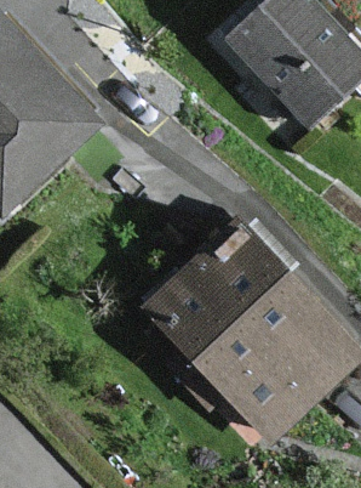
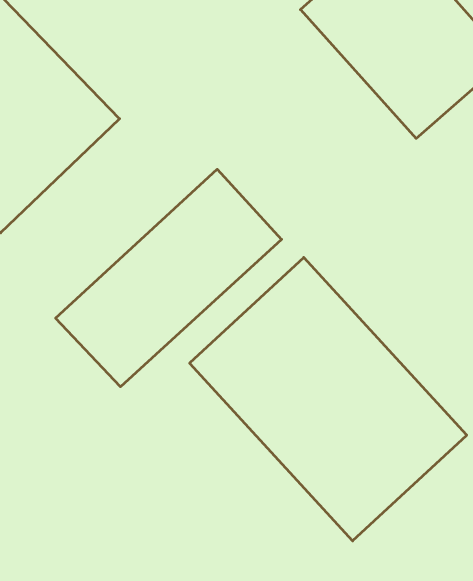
building: none -> [56,169,282,387]

